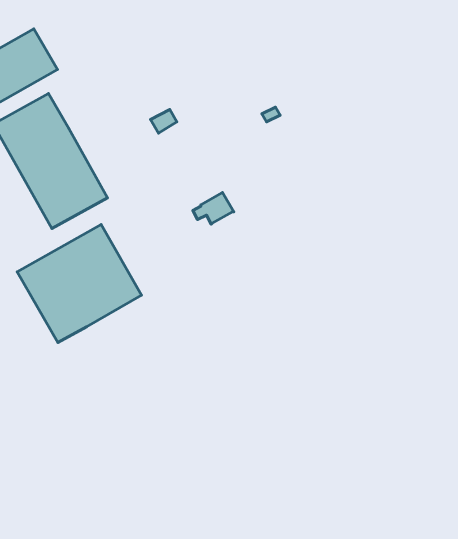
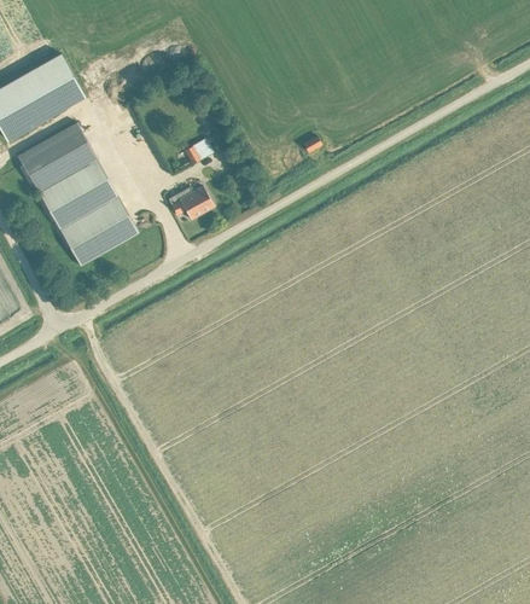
building: [193,192,234,224] -> [171,186,215,220]
building: [17,224,142,342] -> none

